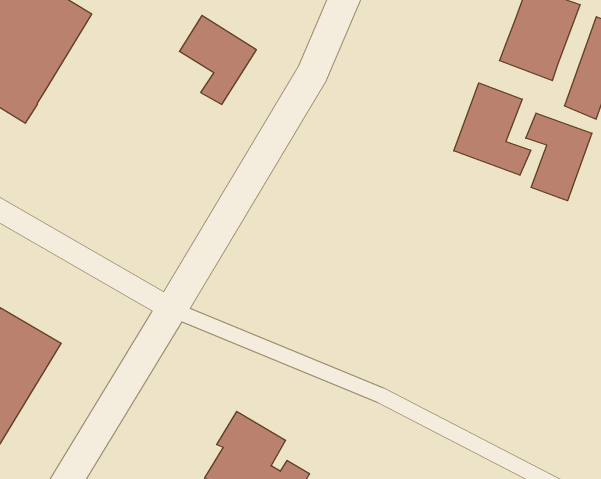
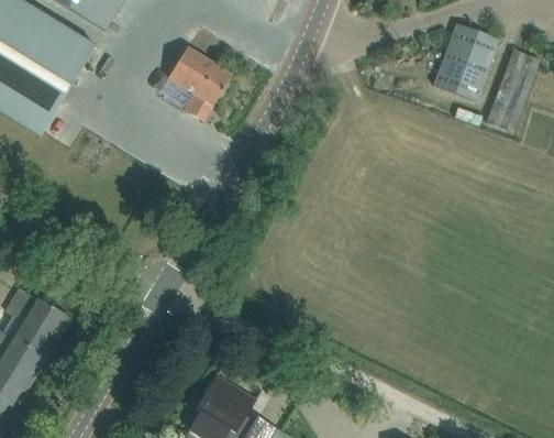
building: [454,83,531,175] -> none
building: [526,113,592,201] -> none

